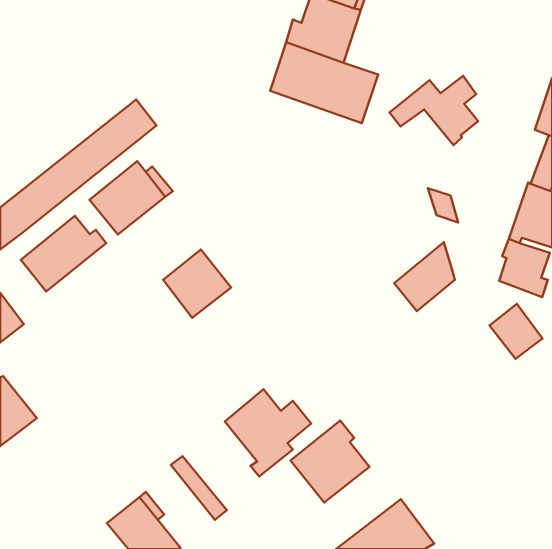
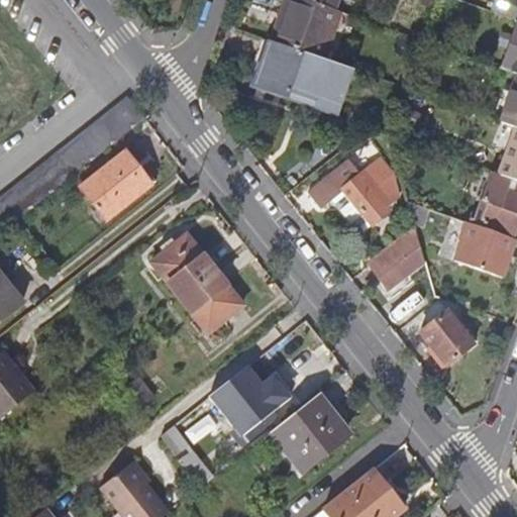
building: [390,76,478,145] -> [311,157,394,221]
building: [21,216,106,291] -> none
building: none -> [180,269,244,332]
building: [490,304,543,359] -> [420,311,470,363]

